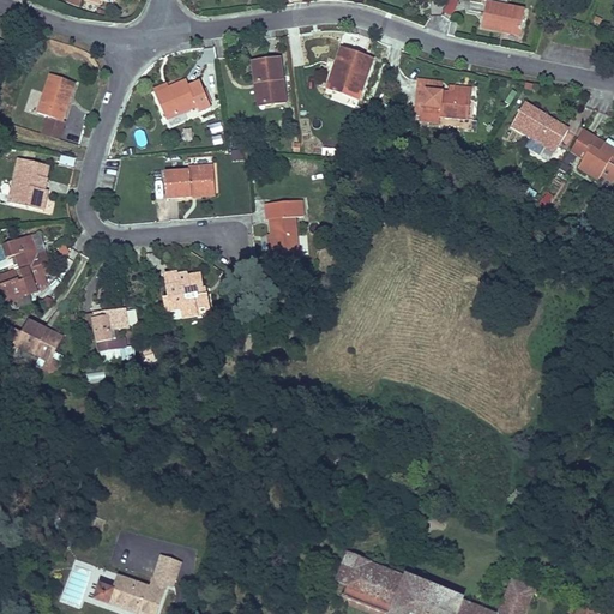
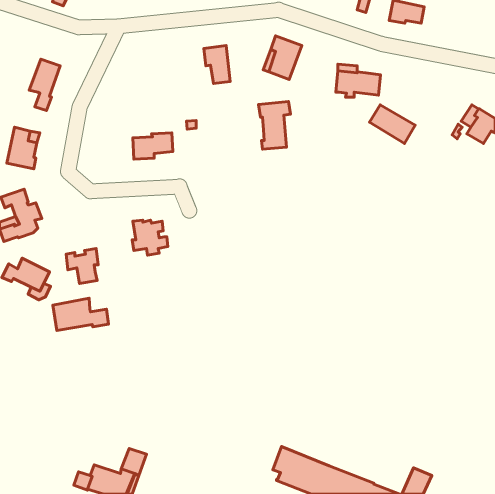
building: [155,78,210,118] -> none
building: [511,102,567,150] -> [369,105,415,144]
building: [264,199,303,258] -> [258,102,291,149]
building: none -> [53,298,109,330]

